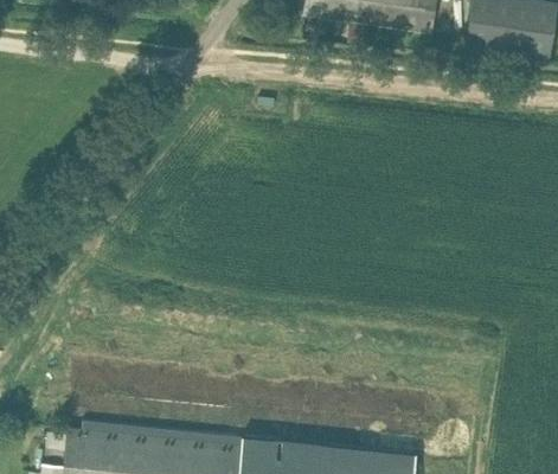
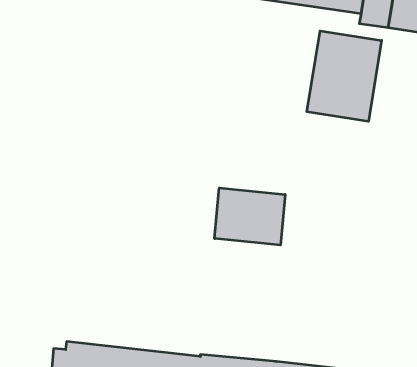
building: none -> [307,31,382,121]
building: none -> [215,188,285,245]

